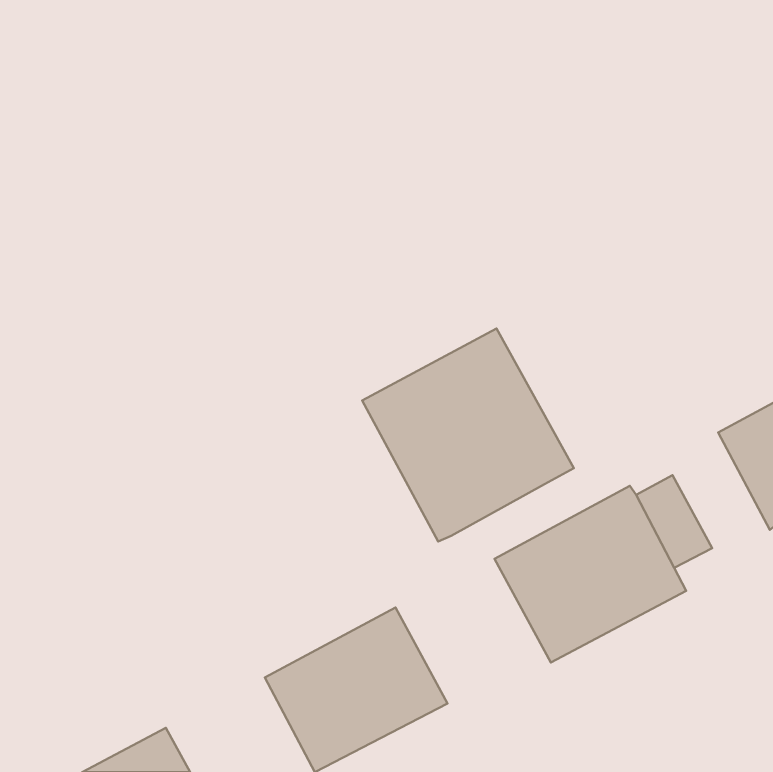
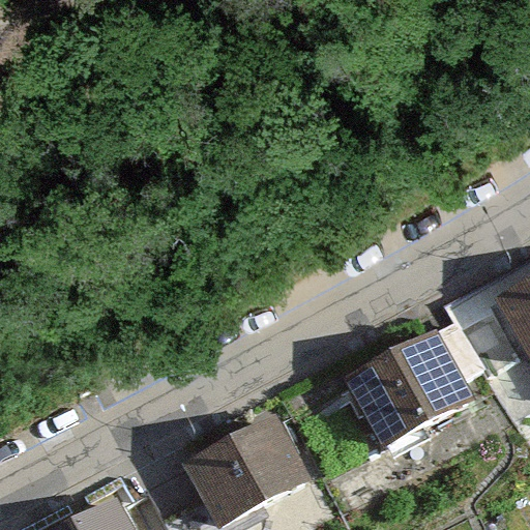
building: [362,328,574,542] -> none

